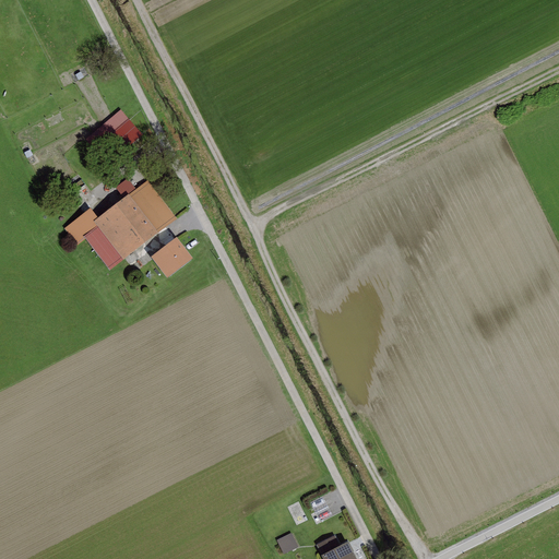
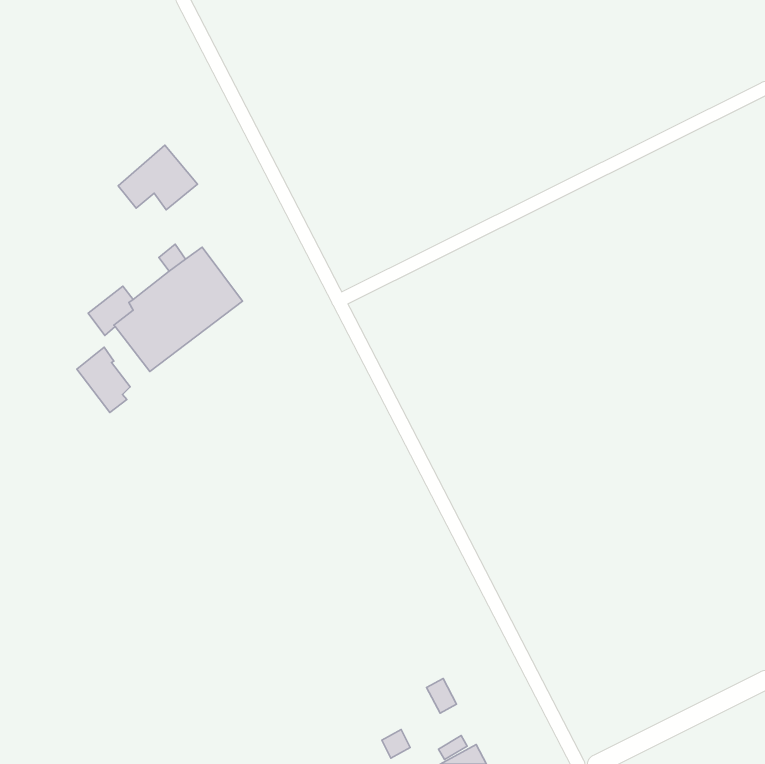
building: [151,238,192,278] -> none
building: none -> [77,347,130,413]

